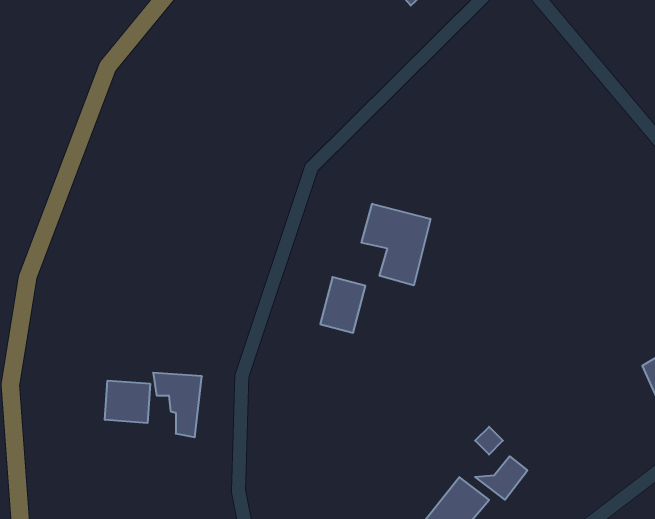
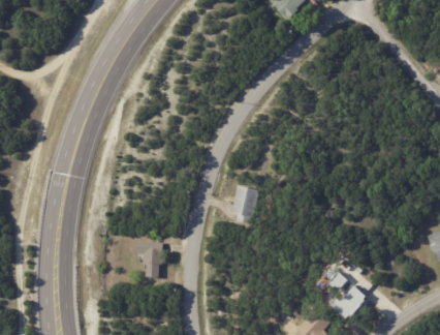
building: [361,204,430,285] -> none
building: [105,381,150,423] -> none

